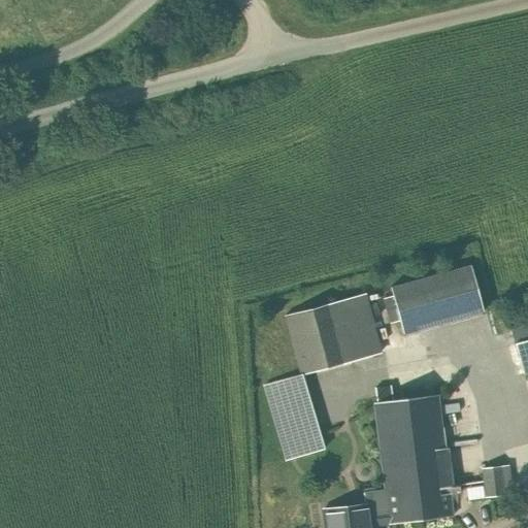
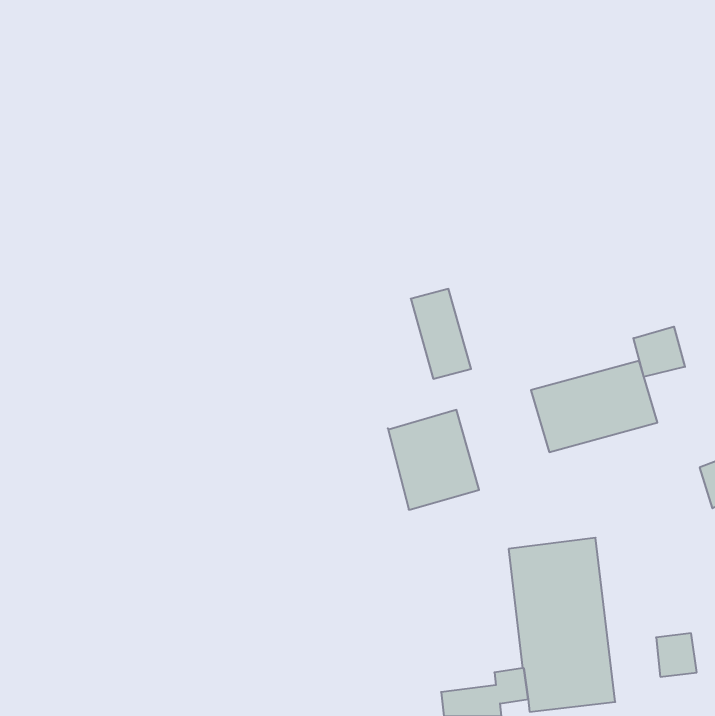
building: none -> [633,327,685,377]
building: [337,294,382,360] -> [411,289,471,379]
building: [266,374,325,459] -> none

